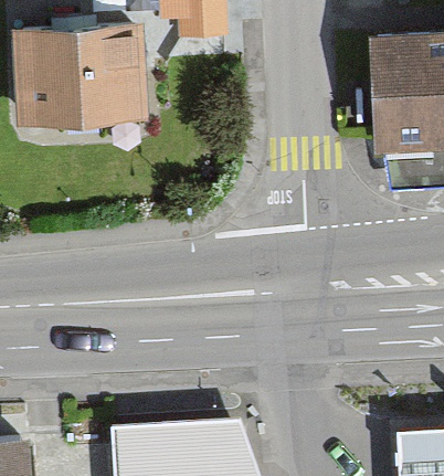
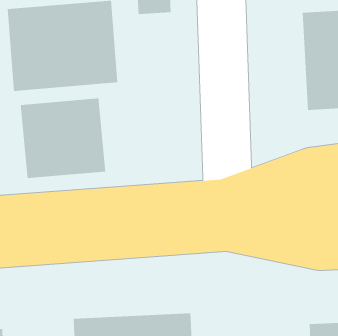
building: none -> [20,98,106,179]

